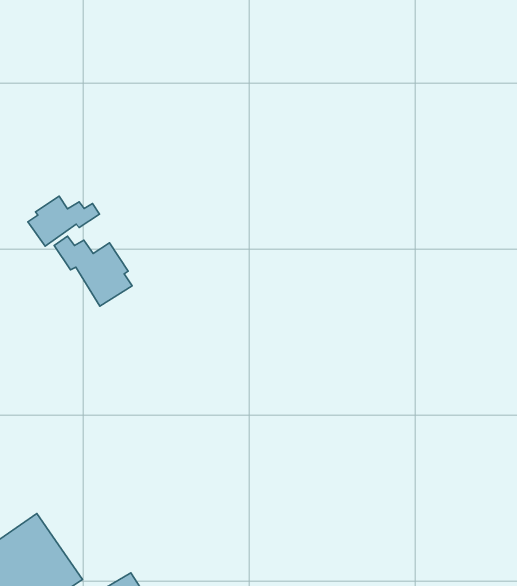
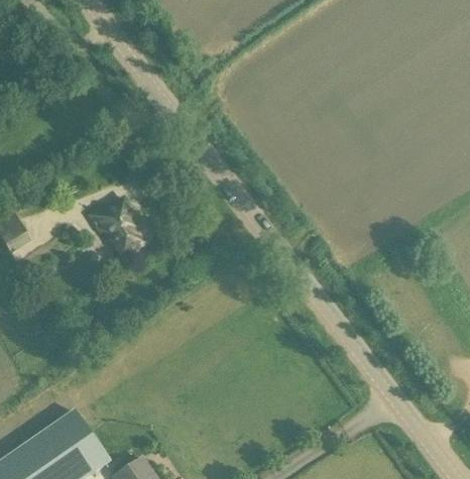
building: [28,196,99,246] -> none

